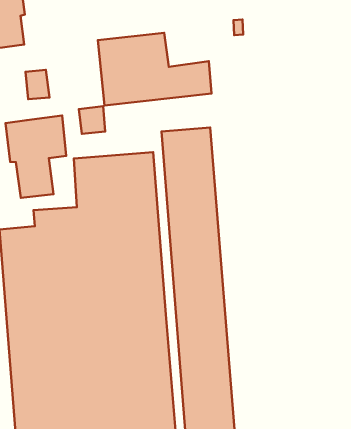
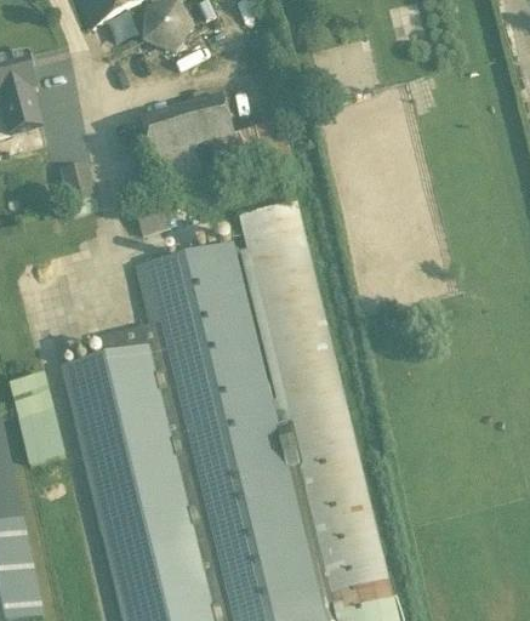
building: [5,115,66,198] -> none

